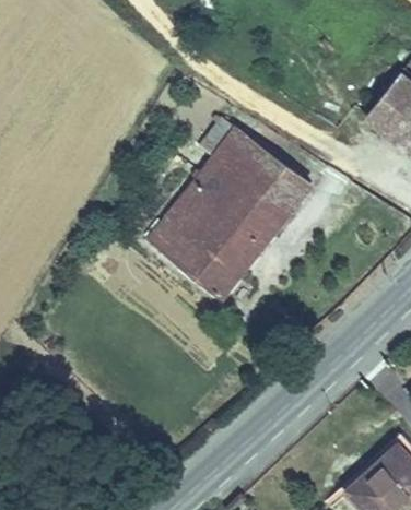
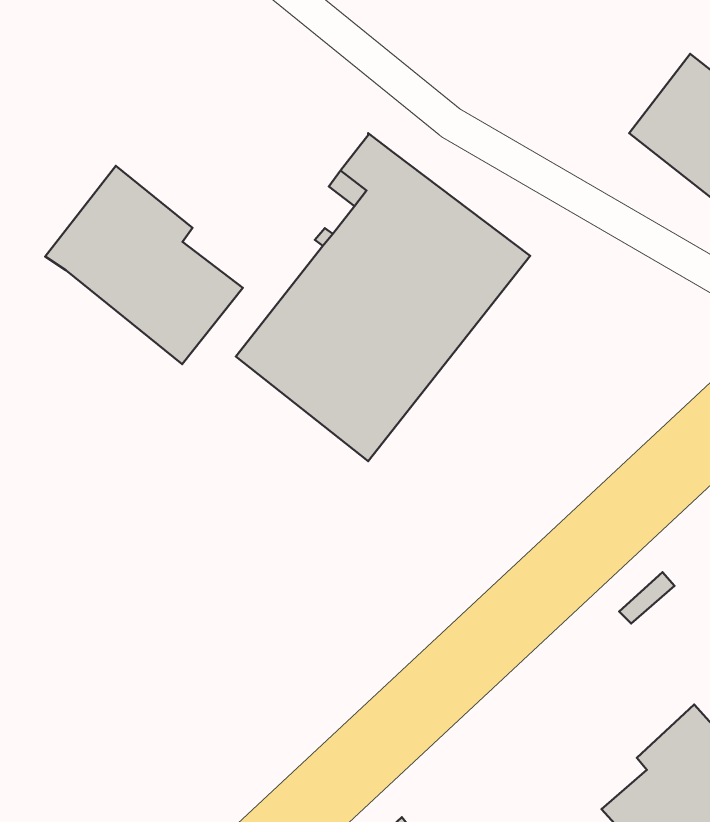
building: none -> [45,166,243,364]

